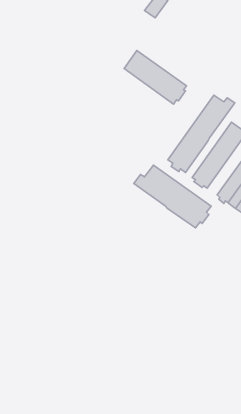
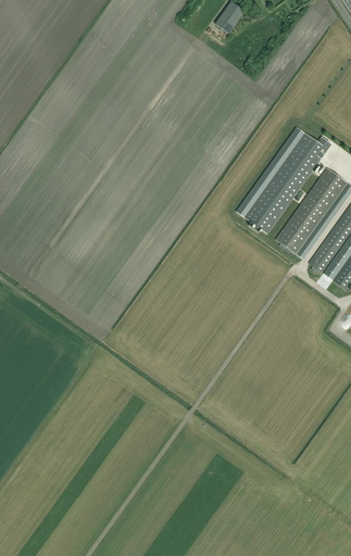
building: [124,50,186,104] -> none
building: [134,165,211,228] -> none

